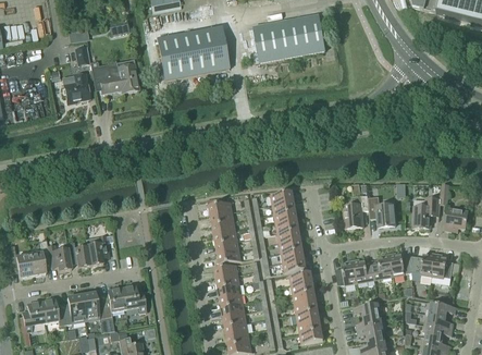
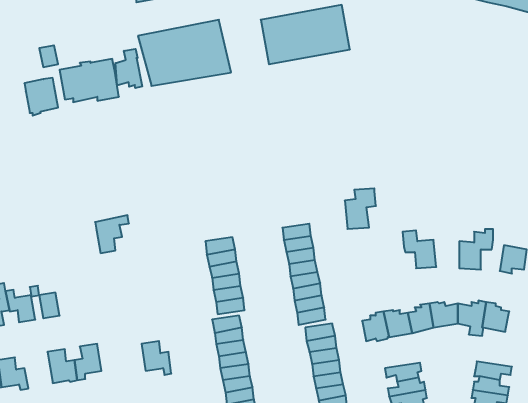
building: none -> [115,49,142,88]
building: [344,195,369,228] -> [345,188,376,229]
building: [87,234,114,265] -> [95,215,129,253]
building: [122,285,146,313] -> [142,341,171,375]
building: [63,294,86,323] -> none

